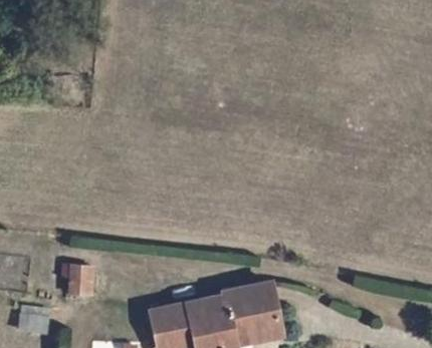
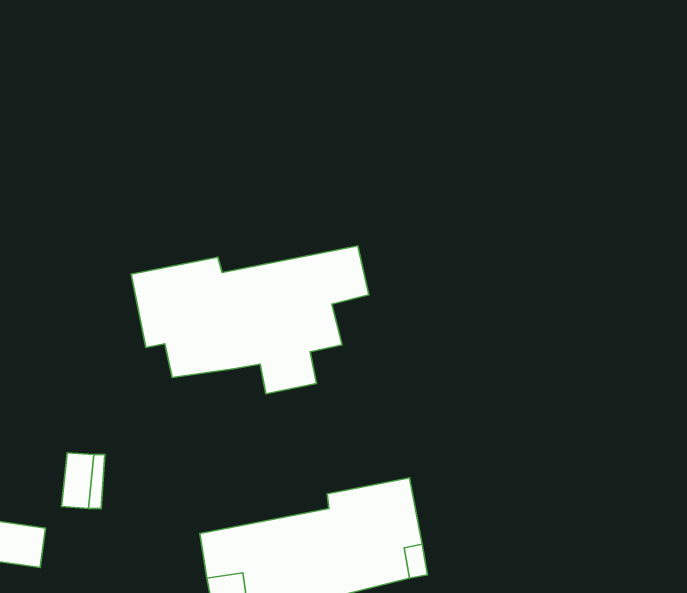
building: none -> [131,246,369,394]

